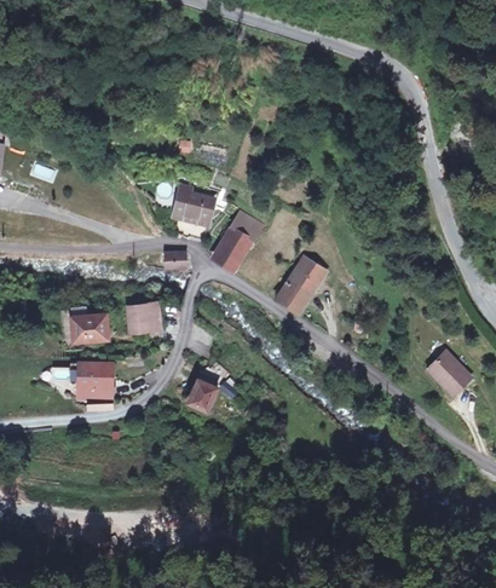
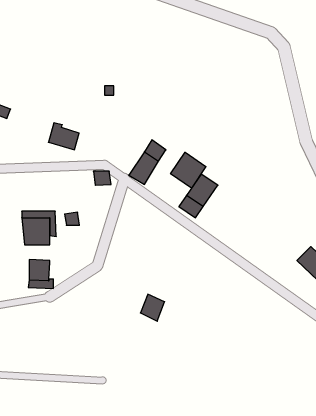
building: [175,186,215,221] -> [48,123,79,150]
building: none -> [171,152,206,188]
building: [128,304,161,335] -> none
building: [186,380,218,415] -> [140,294,165,321]

